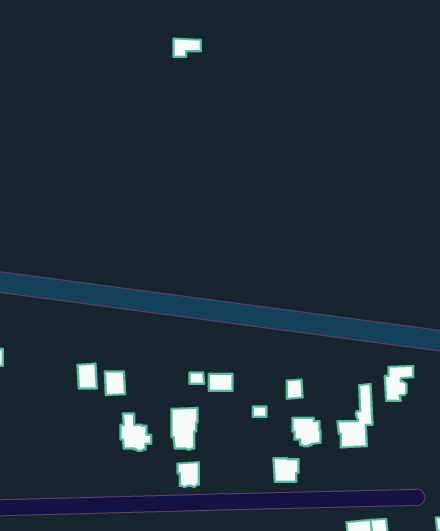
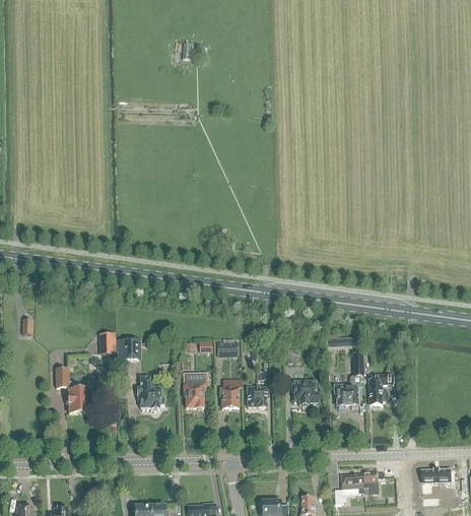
building: [385,366,413,401] -> [367,374,393,405]
building: none -> [55,369,91,413]
building: [274,458,298,482] -> [246,386,268,407]
building: [178,462,199,487] -> [219,387,239,409]

